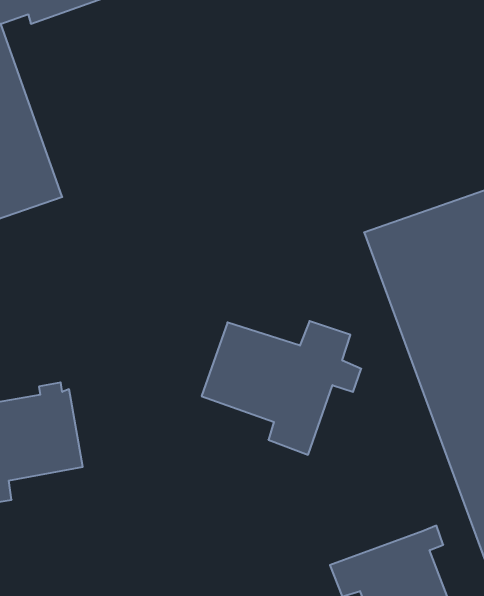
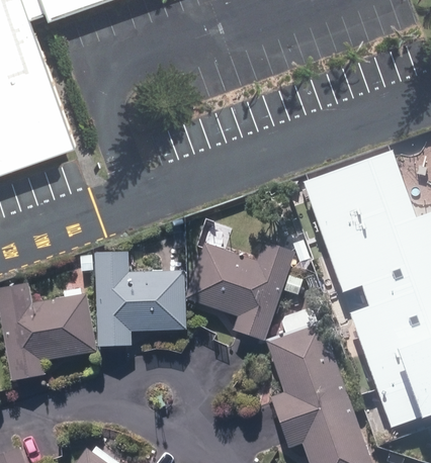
building: none -> [78,249,181,345]
building: none -> [261,306,345,423]

